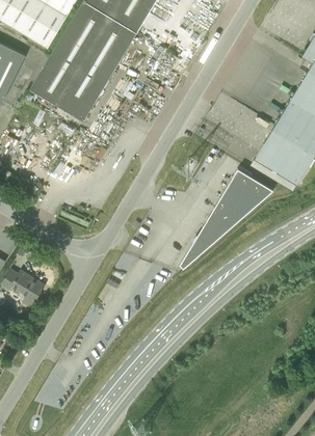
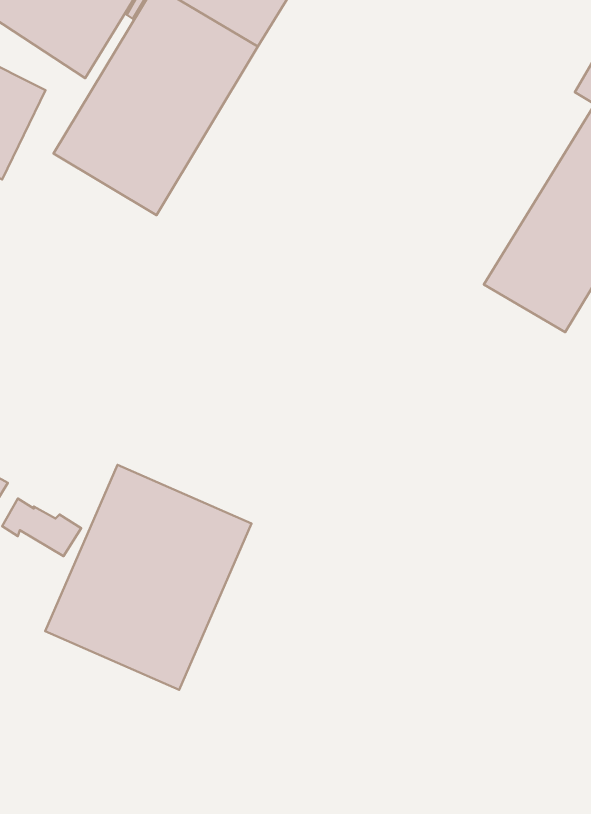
building: [183,168,270,263] -> none
building: none -> [45,465,251,690]

